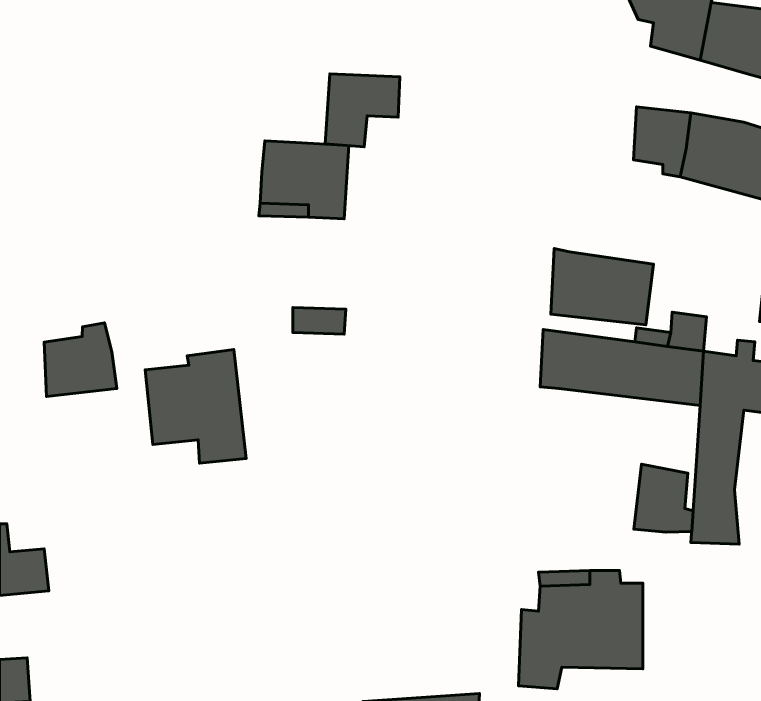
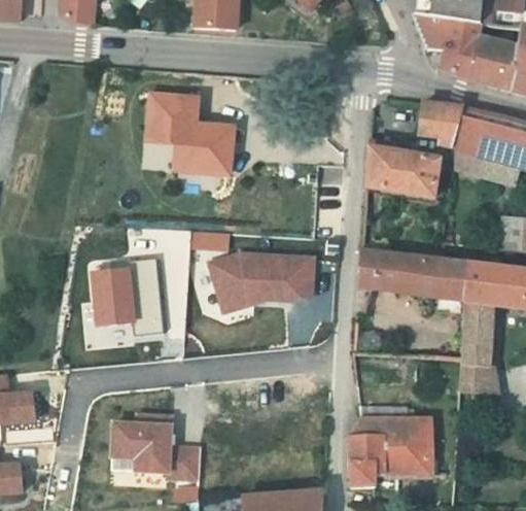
building: [325,74,400,147] -> [149,96,199,144]
building: [551,249,654,325] -> [364,144,432,195]
building: [44,323,117,397] -> none
building: none -> [212,254,314,314]
building: [634,464,693,532] -> none
building: none -> [113,422,201,480]

